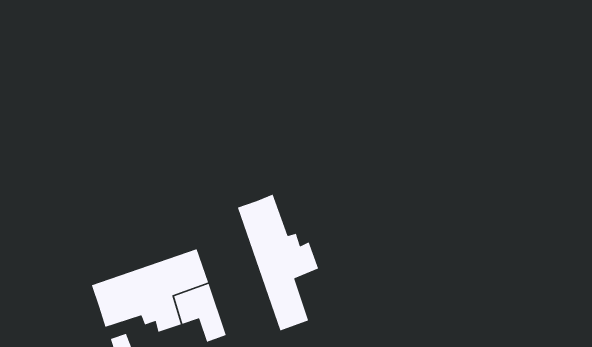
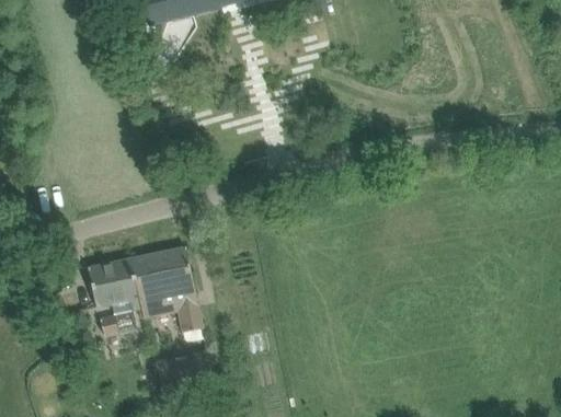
building: [237,194,319,331] -> none

